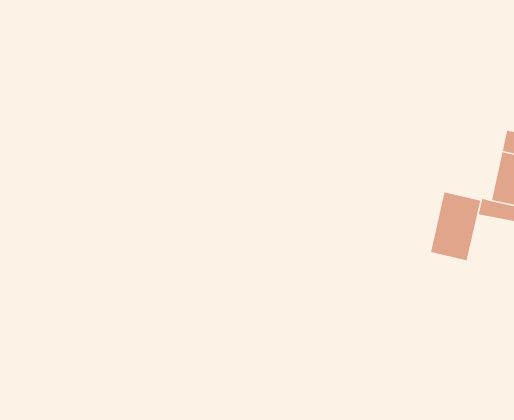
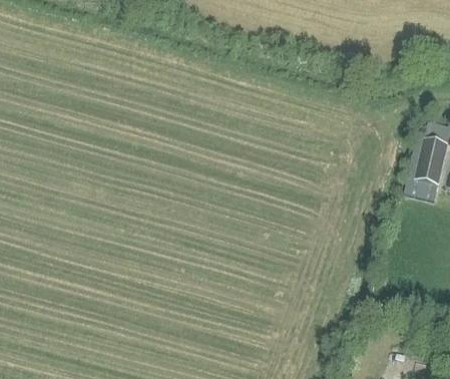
building: [430,191,481,261] -> none

